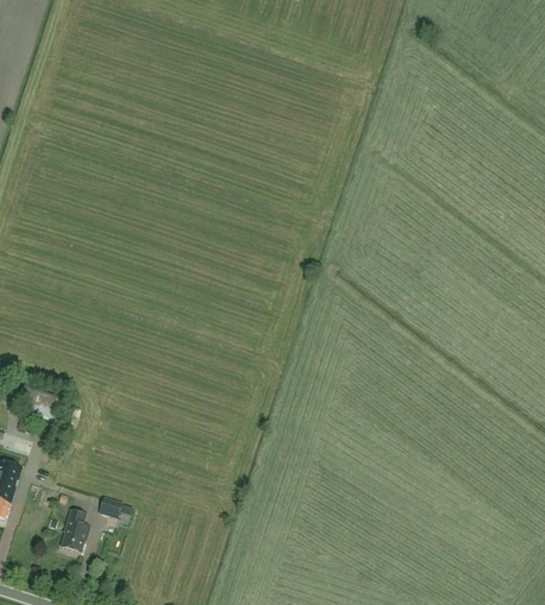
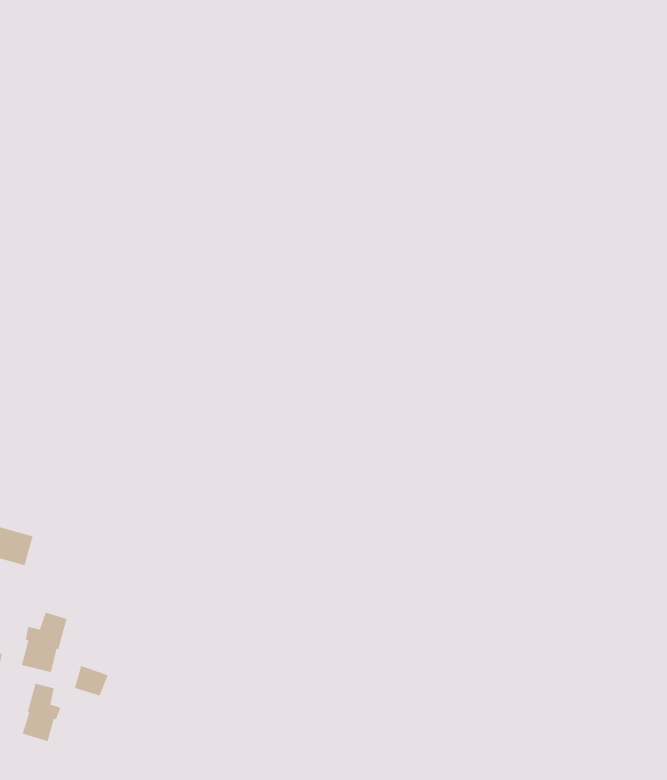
building: none -> [21,612,67,673]

